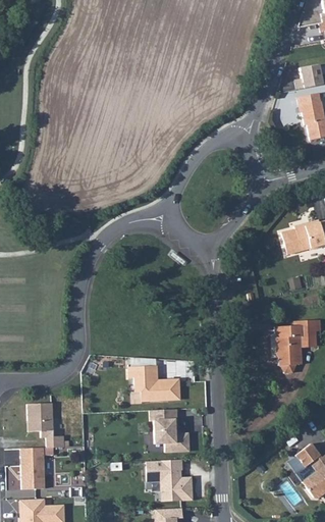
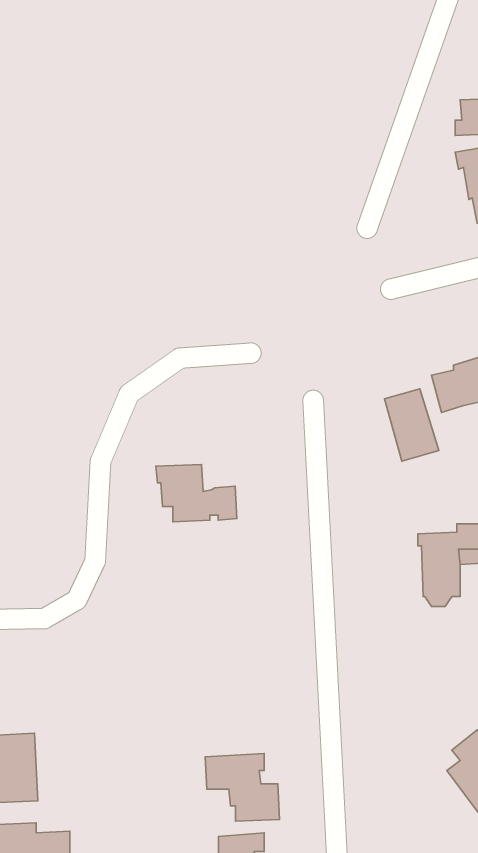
building: none -> [384,389,439,461]
building: [130,366,179,401] -> [156,464,237,522]
building: [28,404,64,448] -> none
building: [150,409,188,453] -> none

